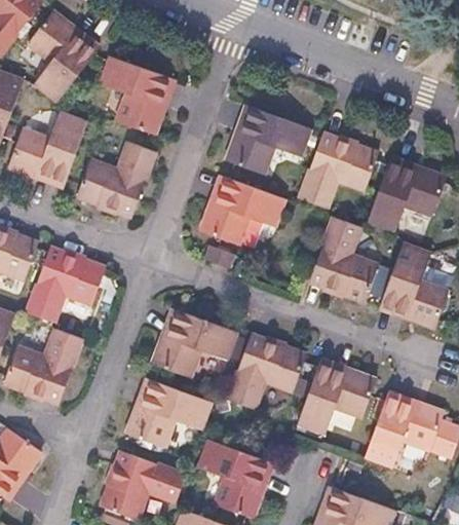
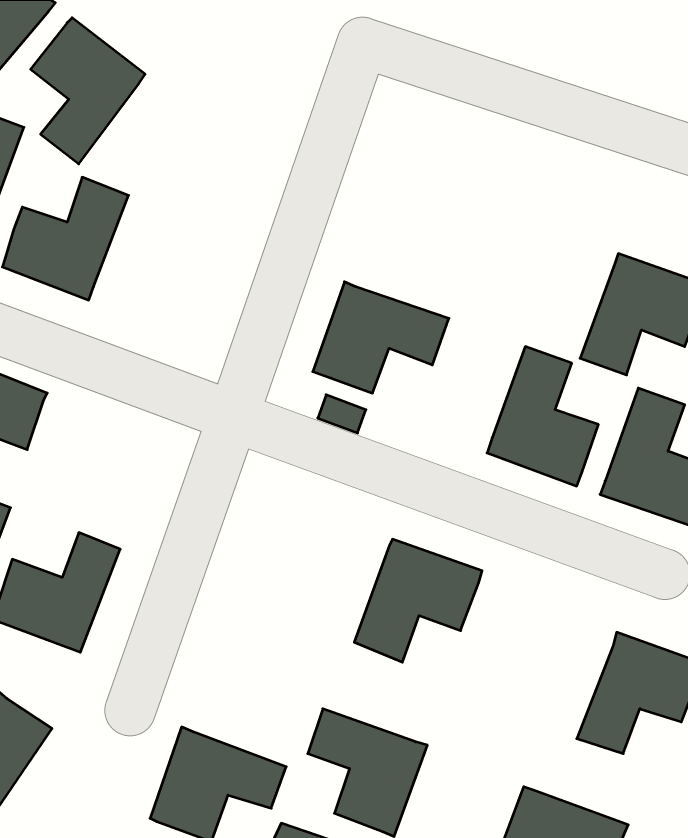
building: [100,55,173,135] -> none
building: [227,105,311,174] -> none
building: [299,133,378,207] -> none
building: [76,142,154,217] -> none
building: [27,248,105,323] -> none
building: [153,307,238,378] -> none
building: [297,359,377,434] -> none
building: [126,378,212,448] -> none

